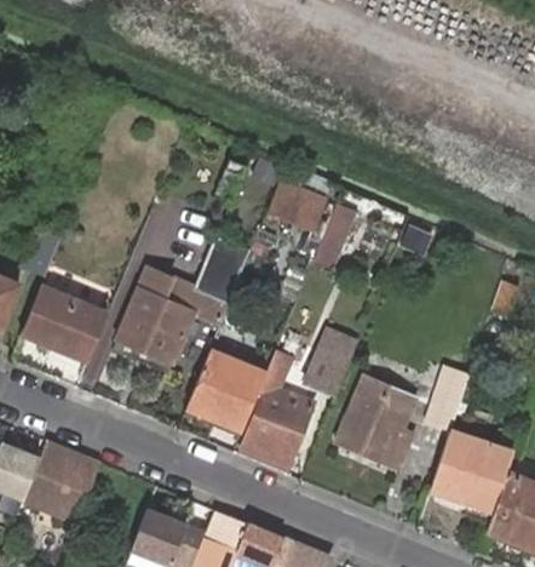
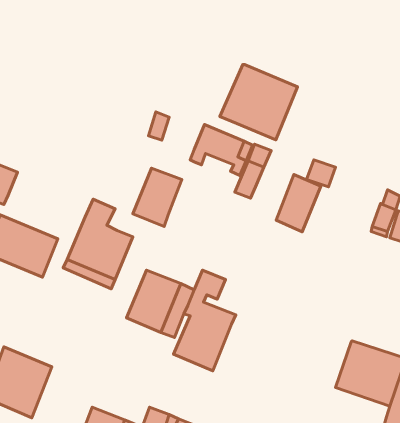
building: none -> [220,65,298,140]
building: [163,279,230,322] -> none
building: [305,328,357,395] -> [276,175,321,232]
building: [422,366,467,434] -> none
building: [334,376,414,468] -> none

